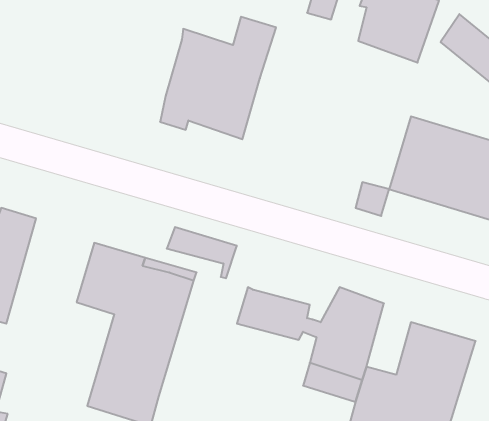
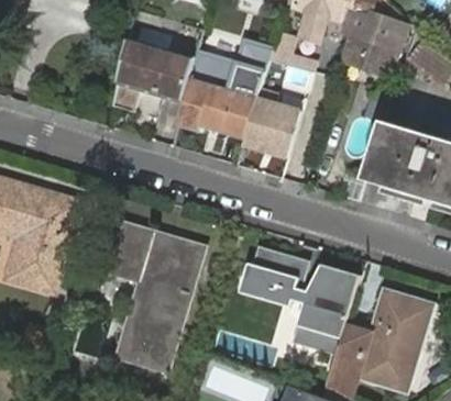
building: none -> [111,37,194,112]
building: none -> [241,90,299,157]
building: [167,227,237,278] -> [252,245,309,287]

